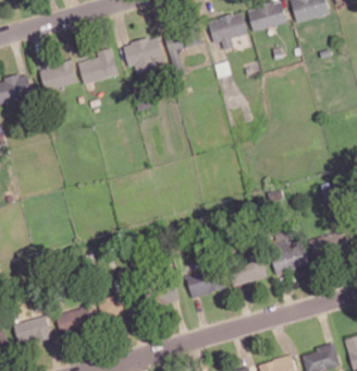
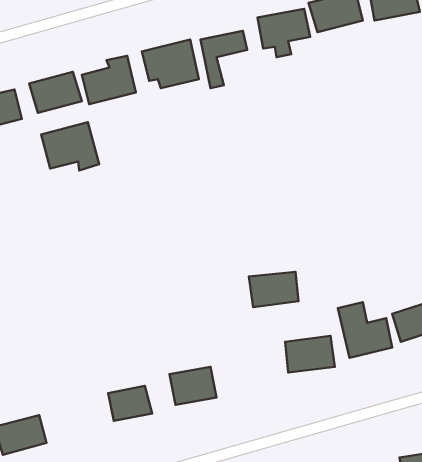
building: none -> [41,122,99,170]
building: [187,270,224,296] -> [249,272,298,307]
building: [57,309,93,333] -> none

